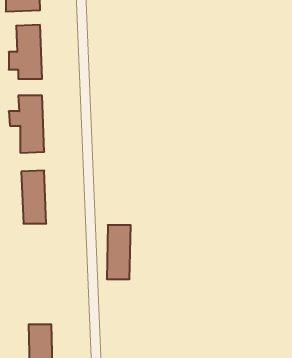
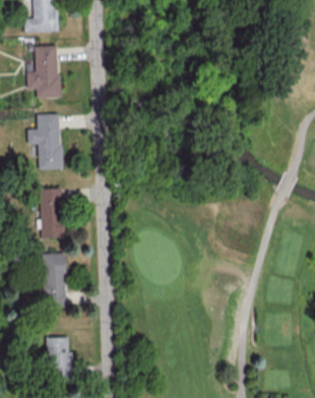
building: [107,225,131,279] -> [43,254,66,307]

